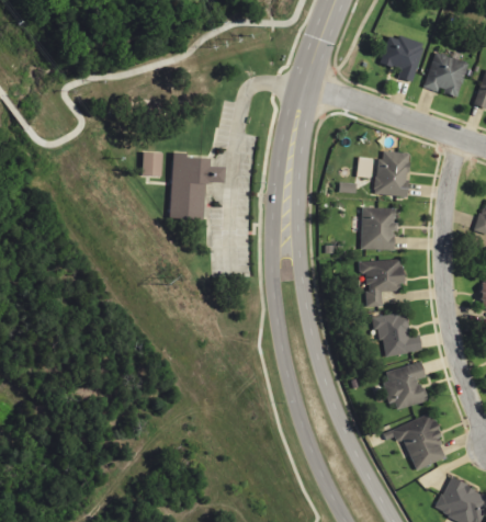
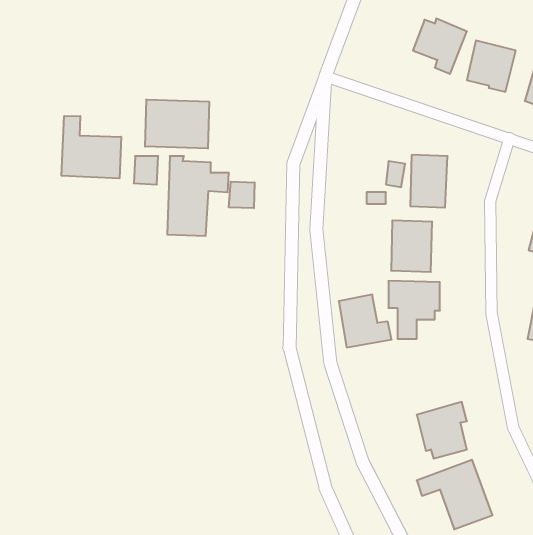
building: none -> [145,99,209,149]
building: none -> [61,116,121,178]
building: none -> [229,182,255,208]
building: [377,313,422,358] -> [339,295,392,347]

